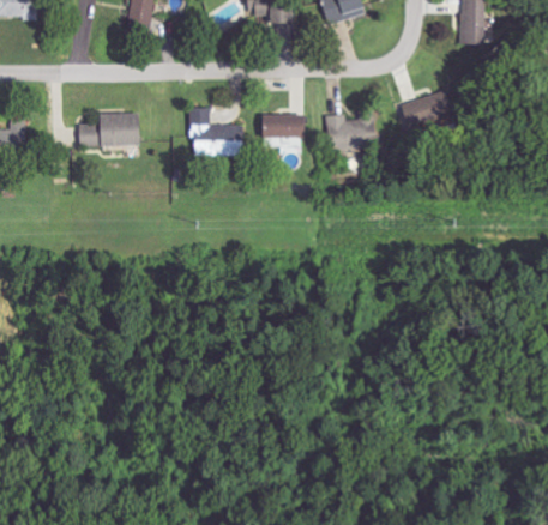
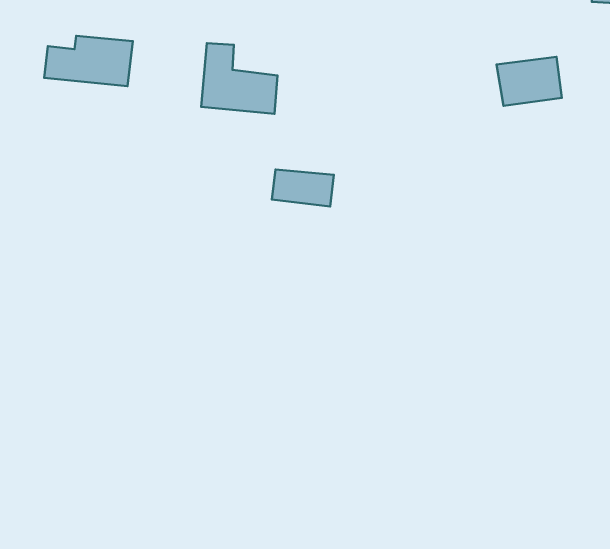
building: [261,114,303,137] -> [272,170,334,207]
building: [330,114,372,149] -> none

